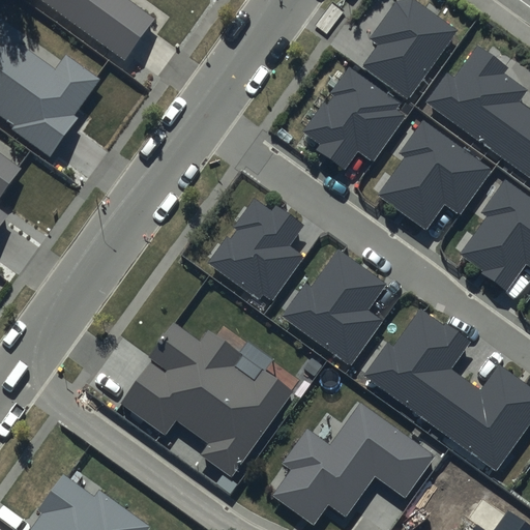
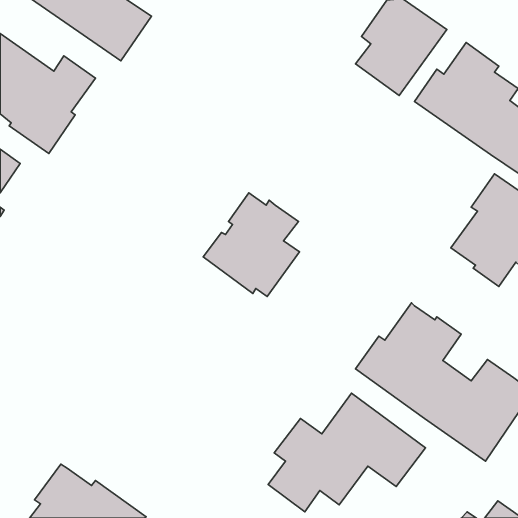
building: [304,66,408,171] -> none
building: [379,119,492,229] -> none
building: [282,251,385,364] -> none
building: [123,322,291,476] -> none

